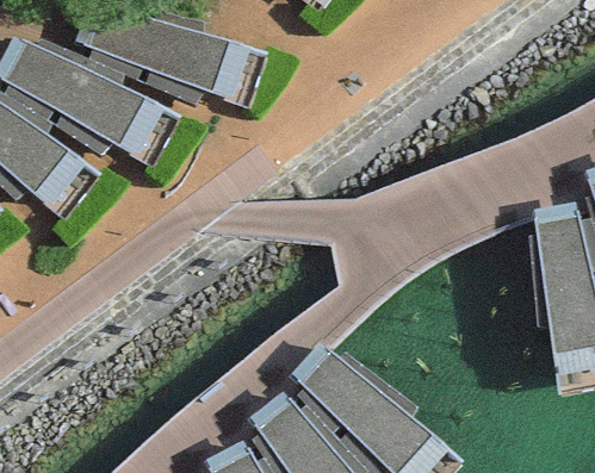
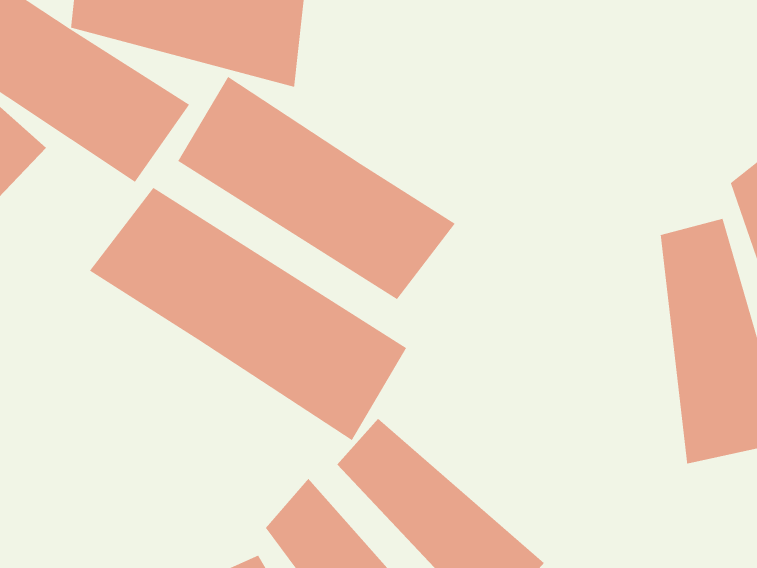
building: none -> [177,76,456,300]
building: none -> [89,187,407,441]

